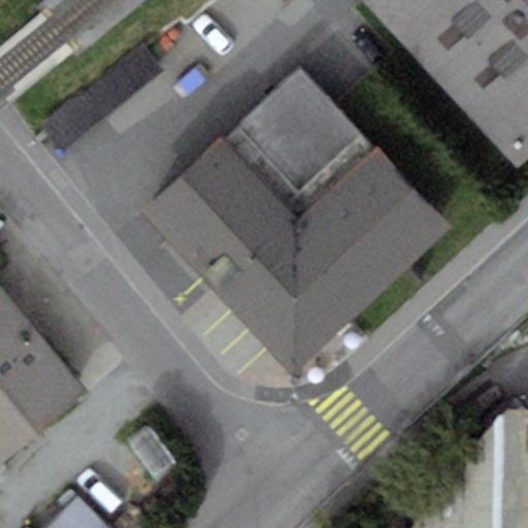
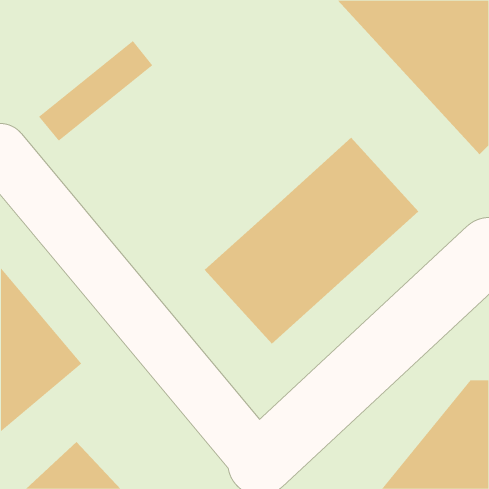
building: [144,66,365,291] -> none

